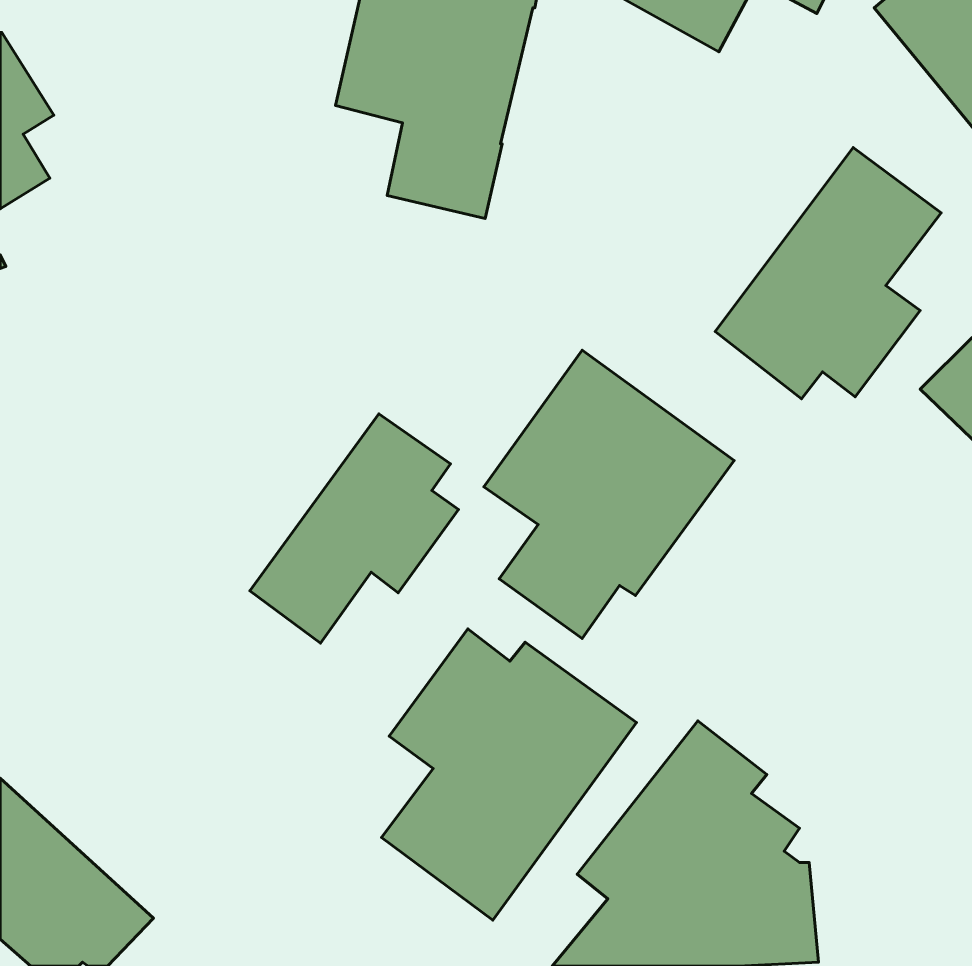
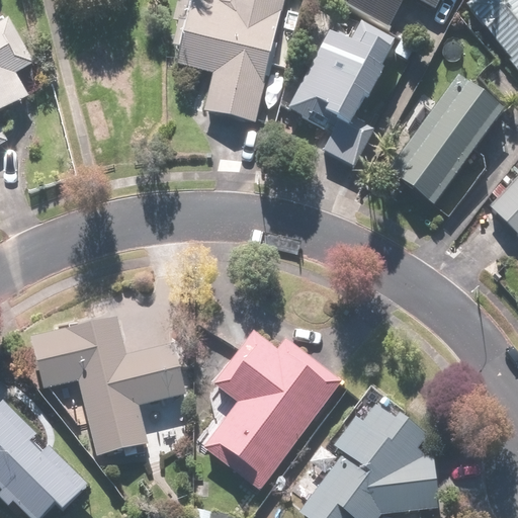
building: none -> [286,25,391,173]
building: [484,350,734,639] -> none
building: [250,414,459,643] -> none
building: none -> [27,316,184,456]

